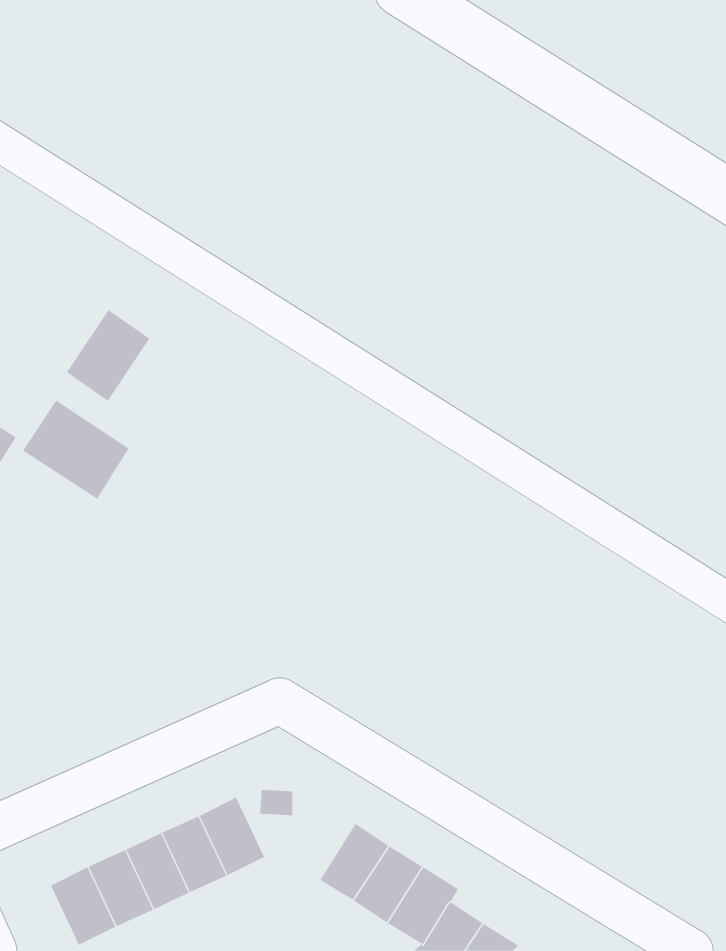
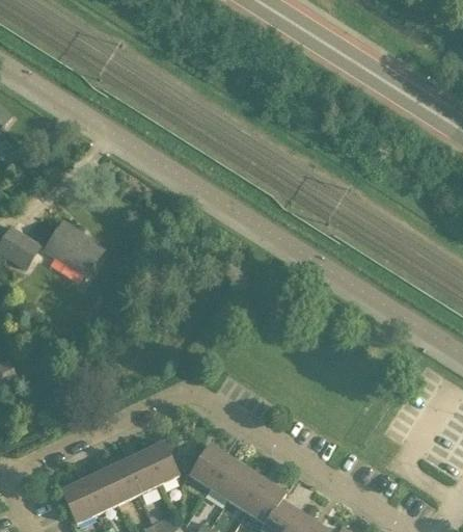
building: [66,309,150,402] -> none
building: none -> [188,444,227,487]

